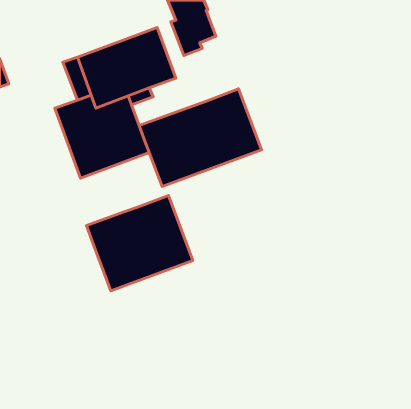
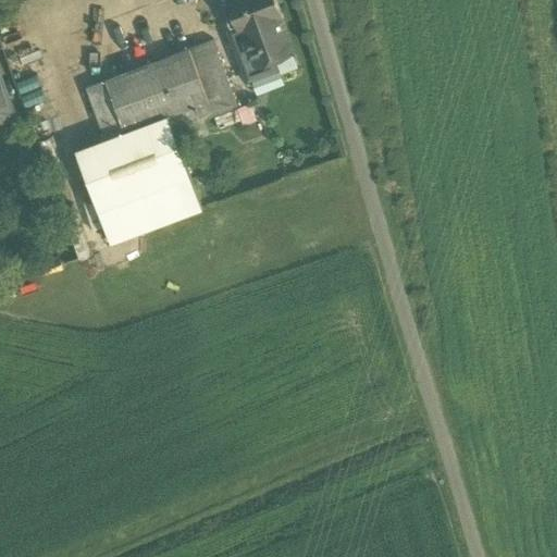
building: [139,89,261,187] -> none
building: [86,195,193,291] -> none

